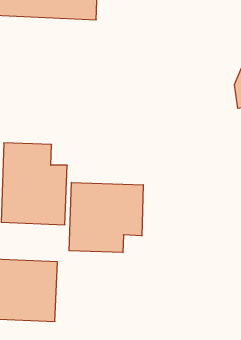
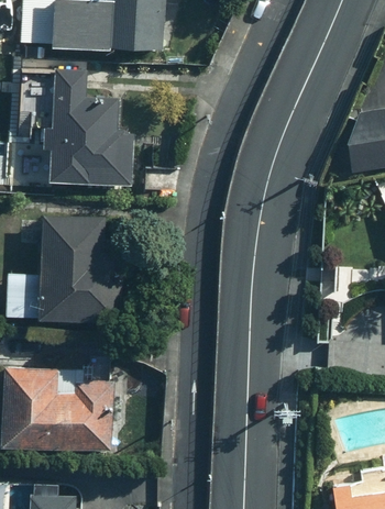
building: none -> [51,69,134,186]
building: [69,182,143,253] -> none

